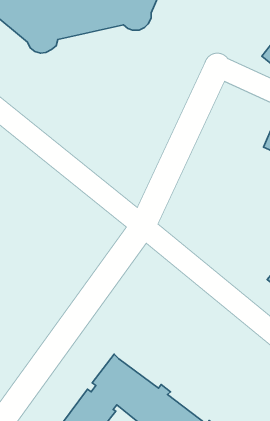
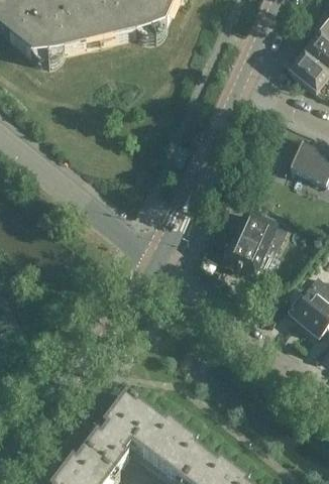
building: none -> [224,212,276,274]

